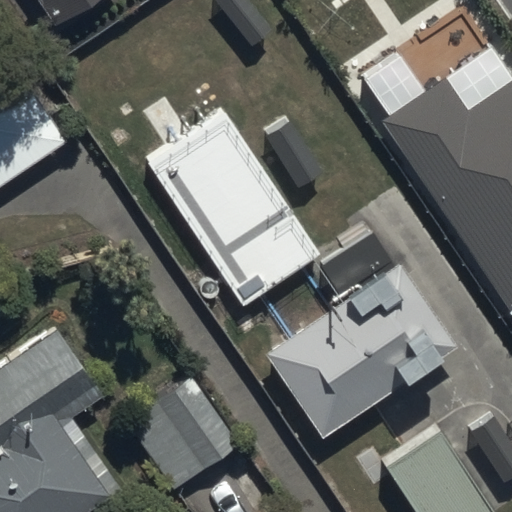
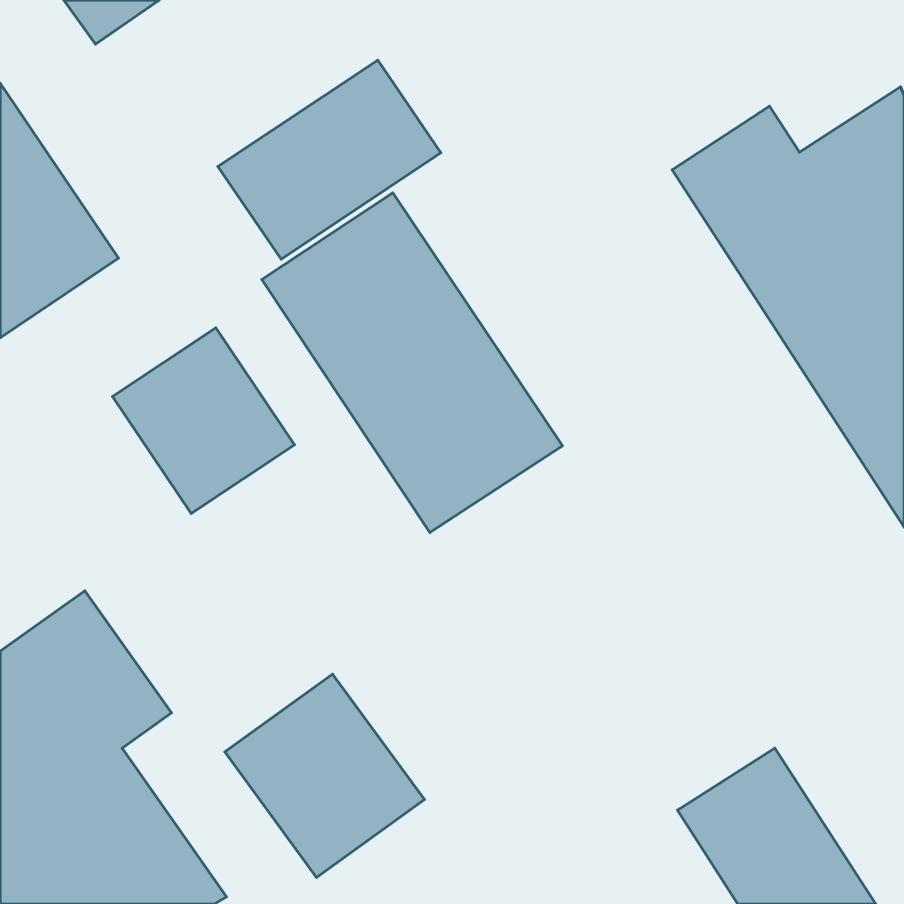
building: none -> [218,60,441,259]
building: none -> [112,328,294,514]
building: [258,257,455,442] -> none

